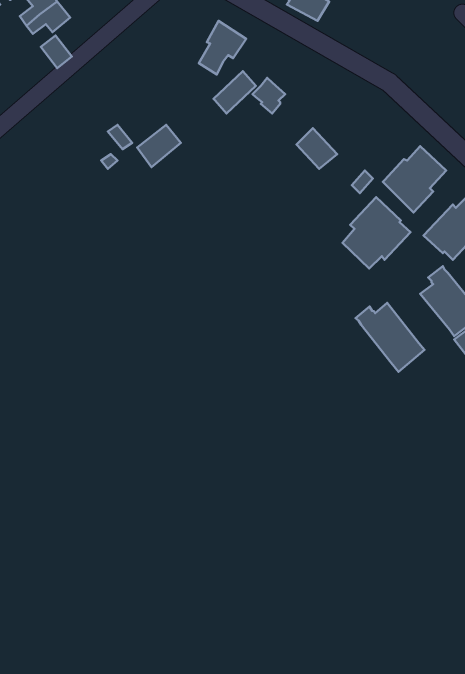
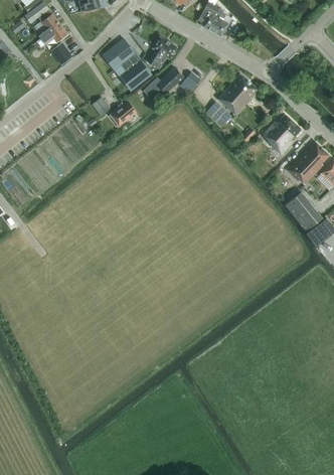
building: none -> [101,37,151,91]
building: none -> [218,73,259,114]
building: [342,197,411,268] -> none
building: [355,303,425,372] -> none

